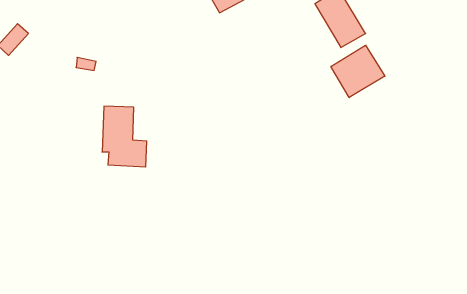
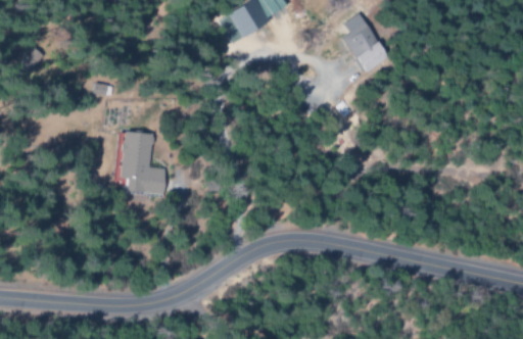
building: [331,45,385,98] -> none

